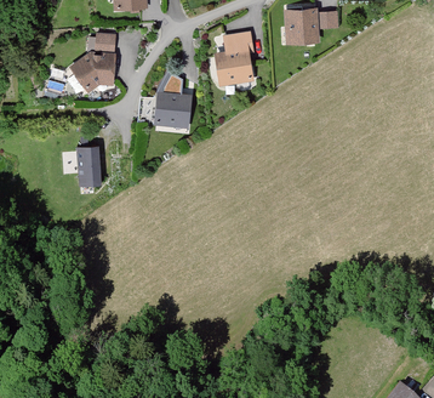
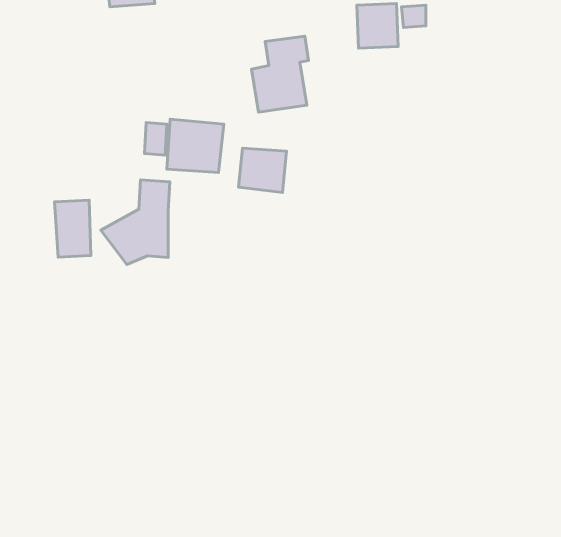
building: [68,32,116,91] -> [101,180,170,265]
building: none -> [239,148,286,192]

